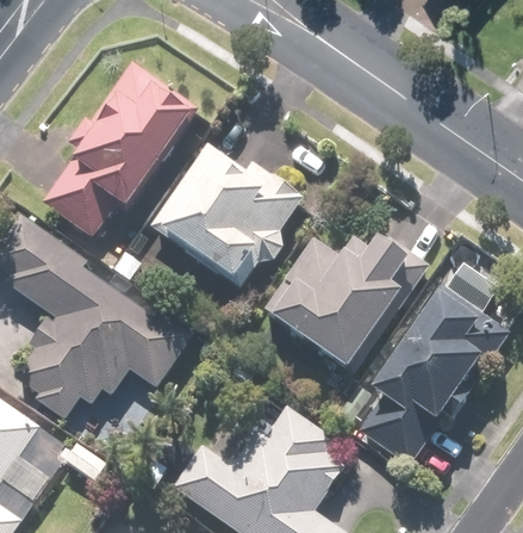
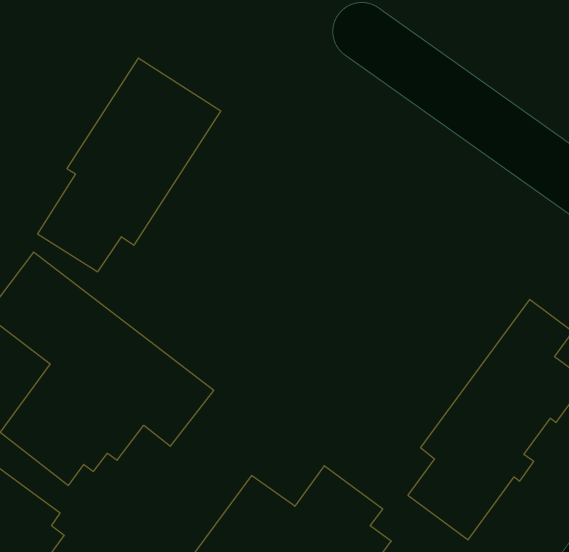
building: [148,143,304,290] -> none
building: [261,235,411,370] -> none

